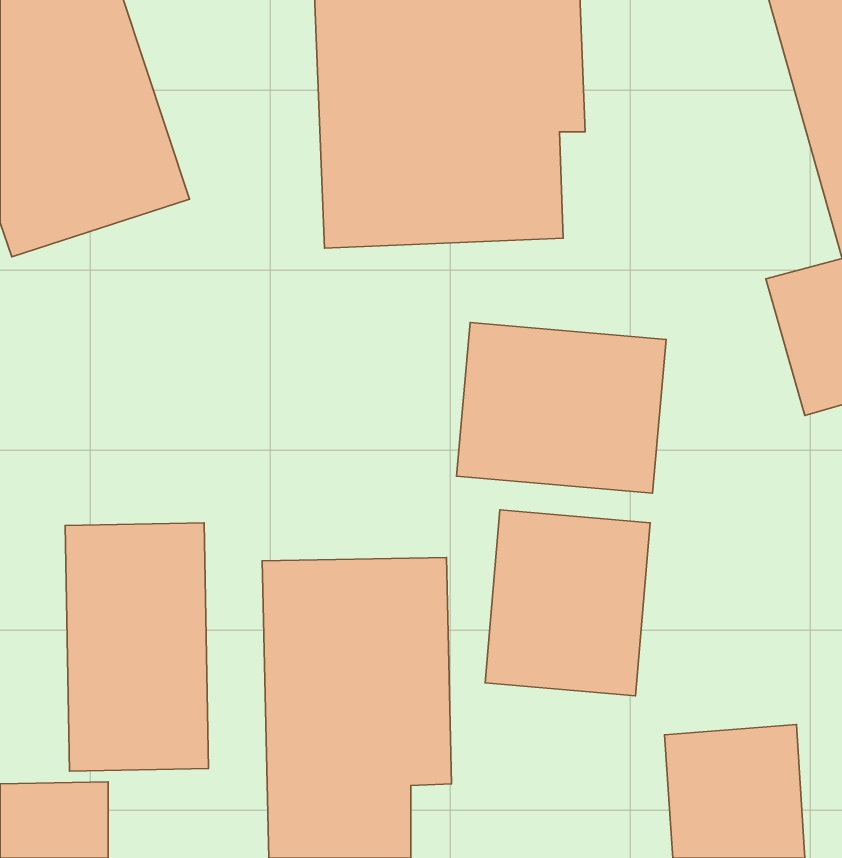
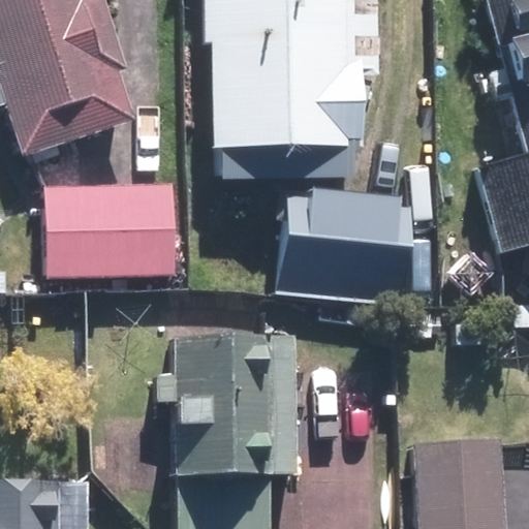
building: none -> [50,188,169,278]
building: [485,510,650,696] -> none
building: [65,523,209,771] -> none

